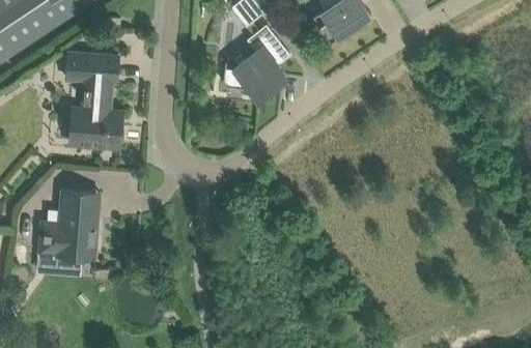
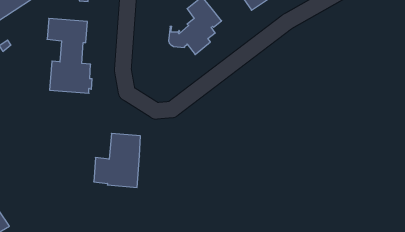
building: [39,191,100,260] -> [94,133,140,187]

